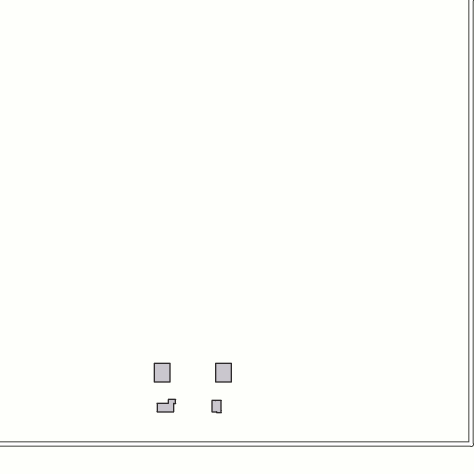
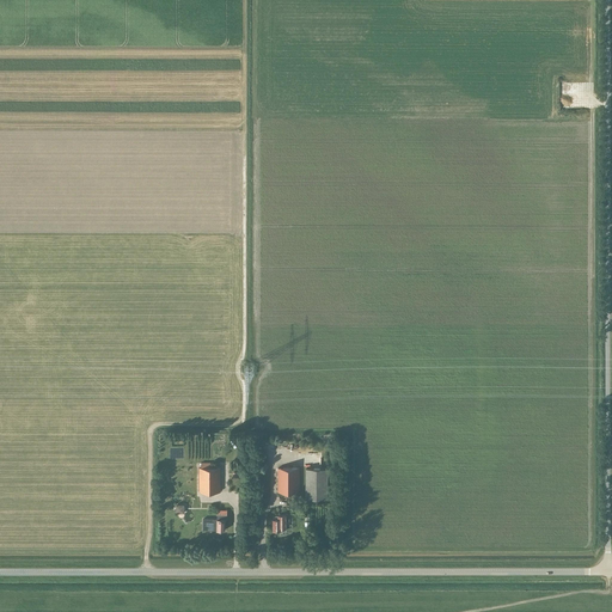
building: none -> [305,469,326,498]

